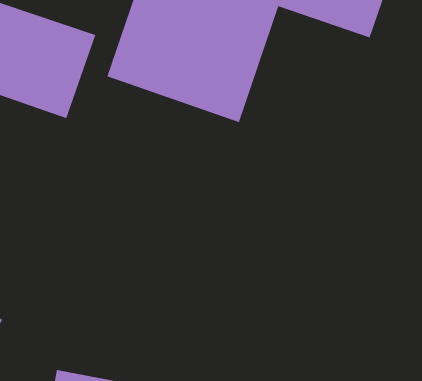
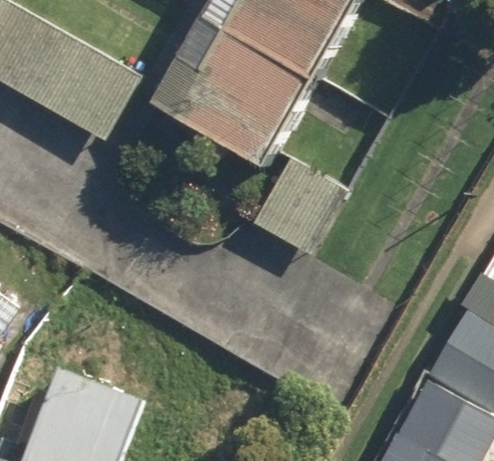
building: none -> [251,154,351,258]

